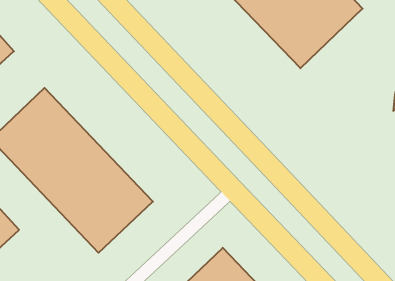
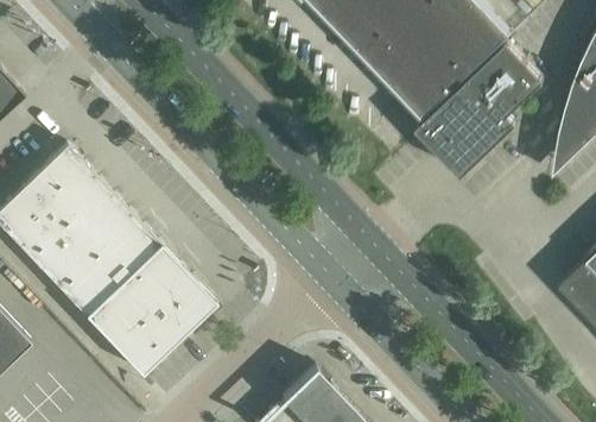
building: none -> [416,43,544,177]

